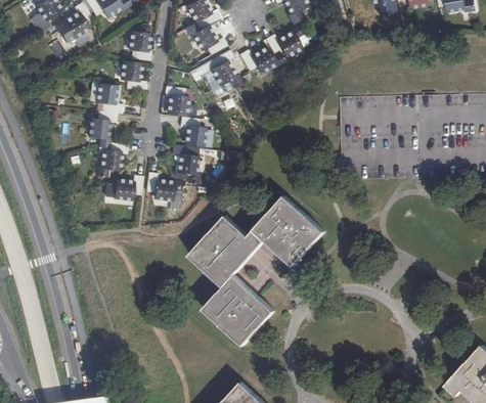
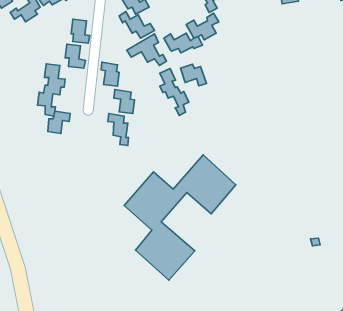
building: none -> [180,64,207,86]
building: none -> [160,69,189,116]
building: [144,172,180,199] -> none
building: [113,175,141,198] -> none

